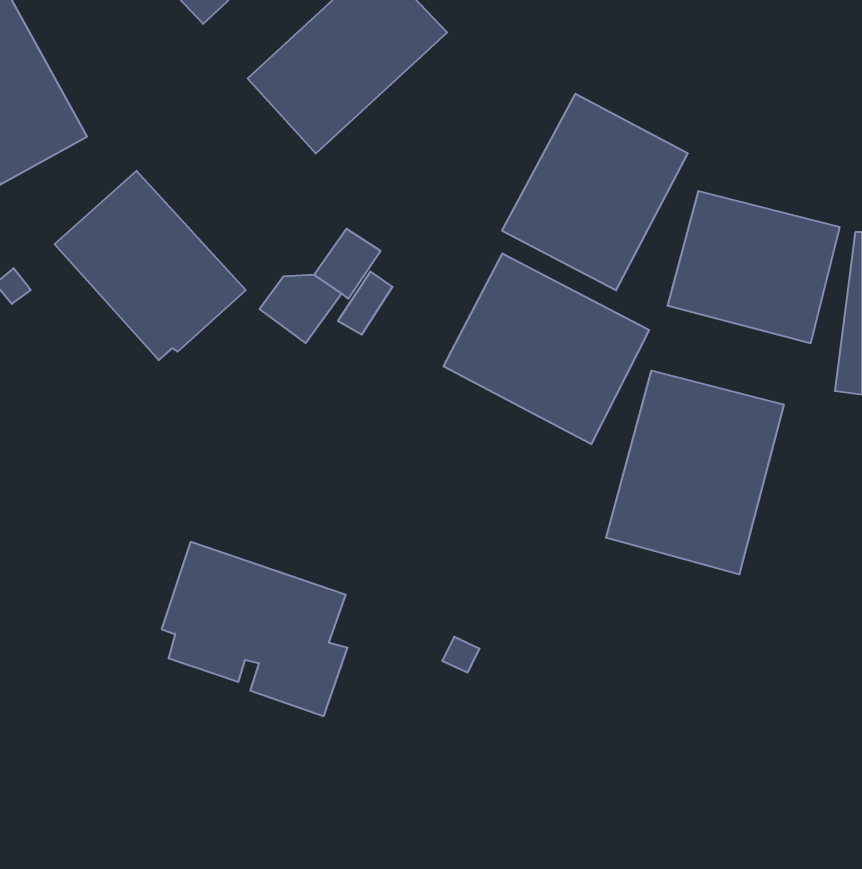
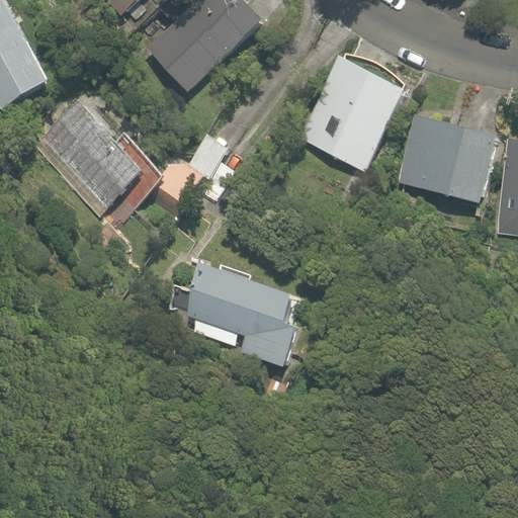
building: [443,253,649,444] -> none
building: [606,371,784,574] -> none
building: [162,542,348,716] -> [187,263,297,366]

